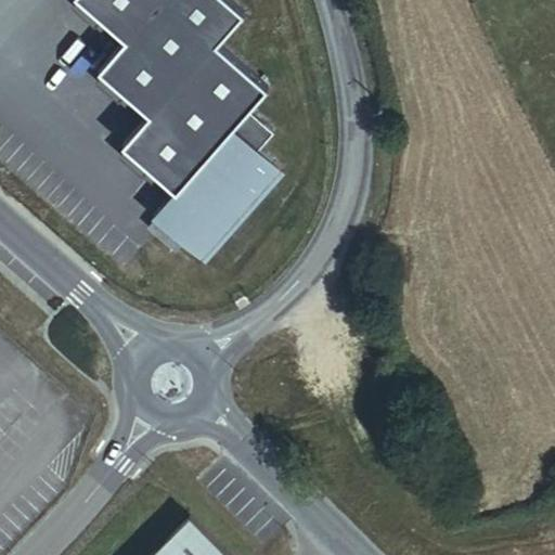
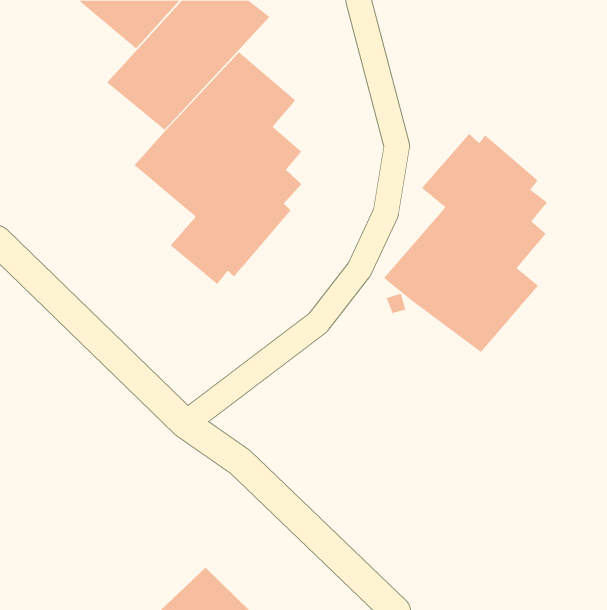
building: none -> [383,133,548,353]

